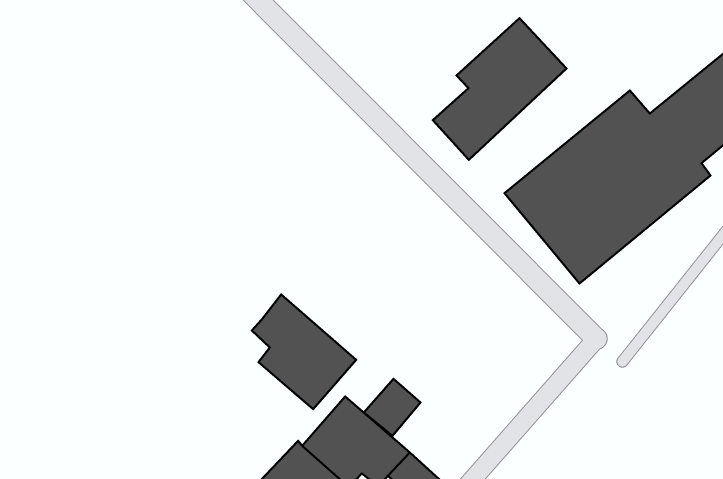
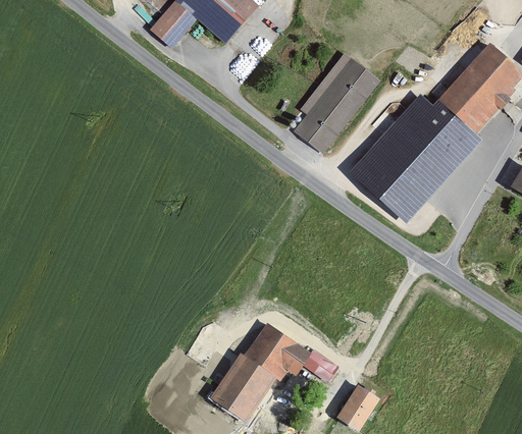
building: [252,295,356,409] -> none
building: [364,379,420,436] -> none

